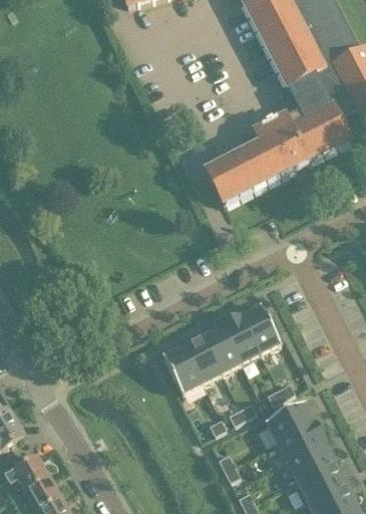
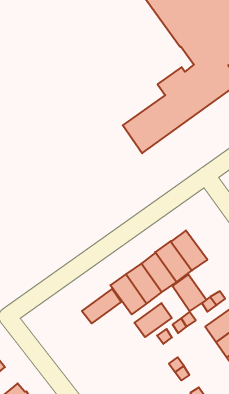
building: none -> [172,275,206,311]
building: none -> [82,288,121,323]
building: none -> [134,303,172,337]

